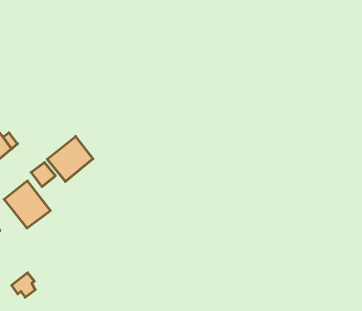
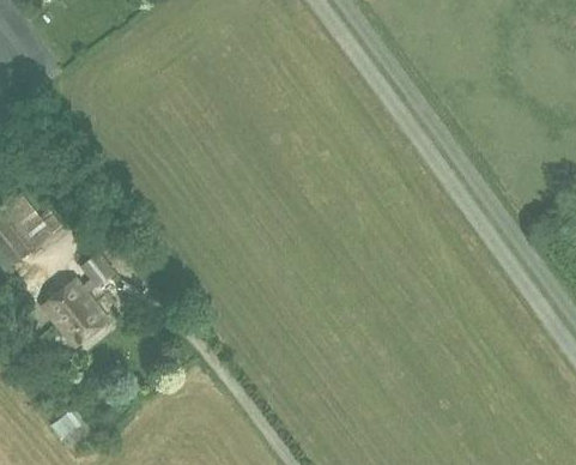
building: [47,136,93,182] -> none

